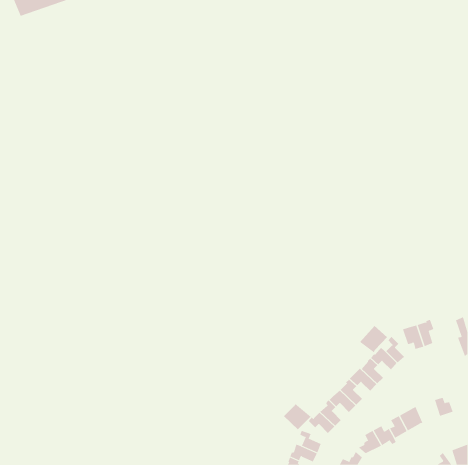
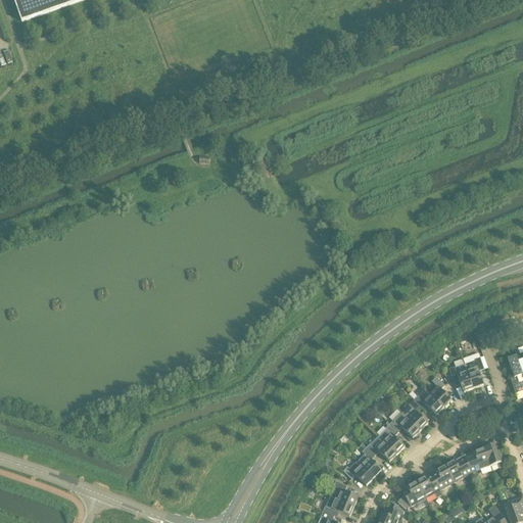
building: [359,325,388,353] -> none
building: none -> [464,445,490,471]
building: [283,403,311,430] -> none

